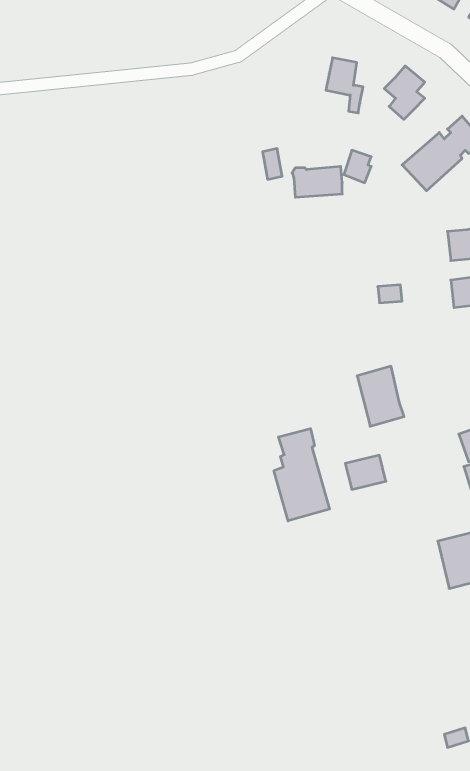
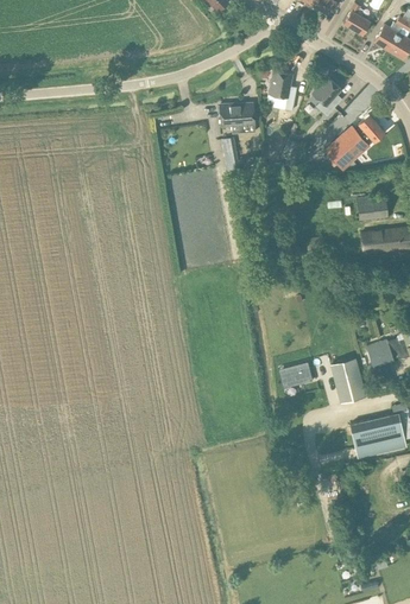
building: [292,166,342,197] -> [217,103,254,126]
building: [357,366,404,426] -> [330,358,365,402]
building: [274,429,330,521] -> none

